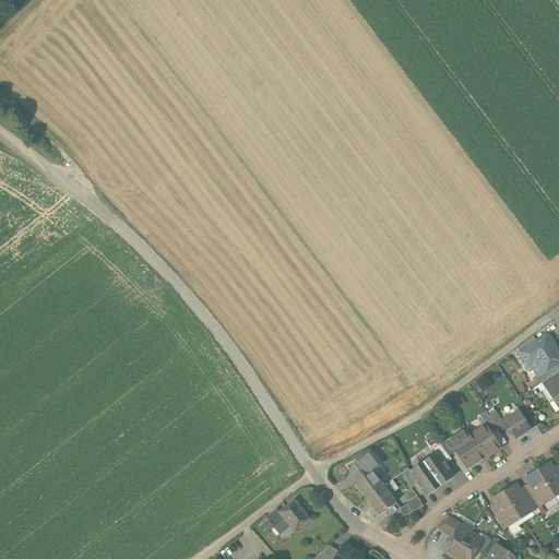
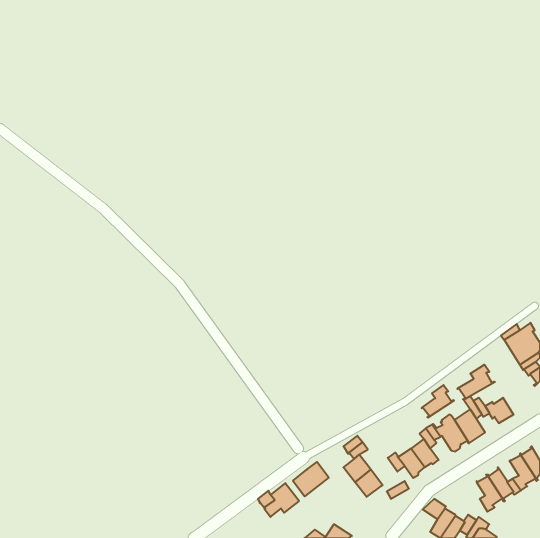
building: none -> [457,365,495,400]
building: none -> [422,385,454,418]
building: none -> [293,462,329,496]

